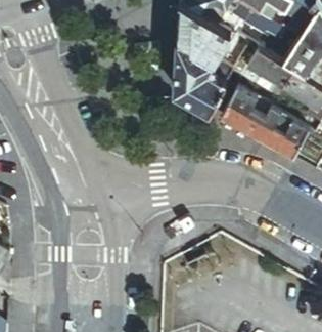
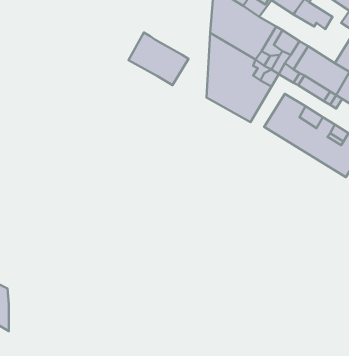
building: none -> [128,32,188,85]

